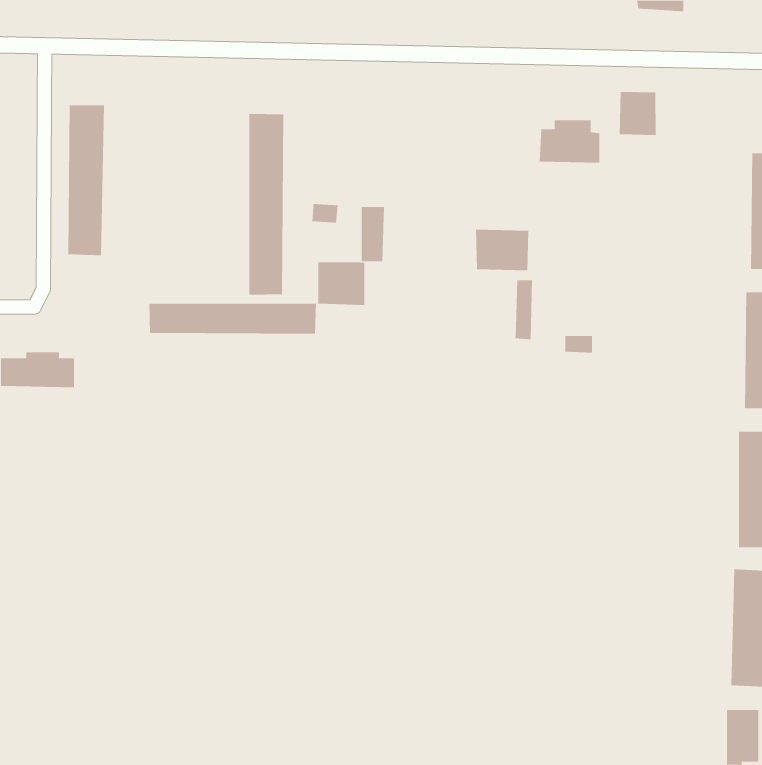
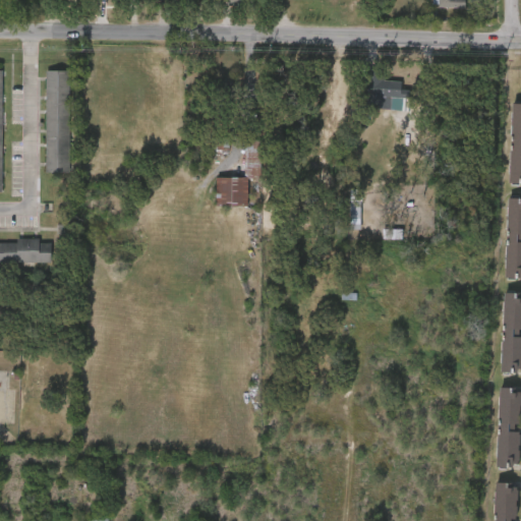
building: [619,91,656,136] -> none
building: [249,113,284,296] -> none
building: [476,229,529,271] -> none
building: [149,303,316,335] -> none

